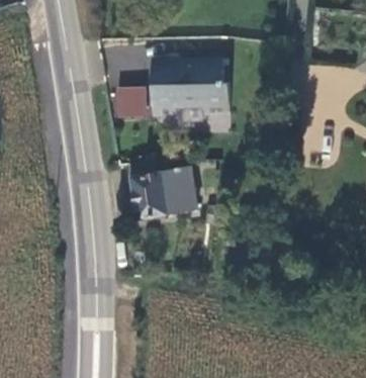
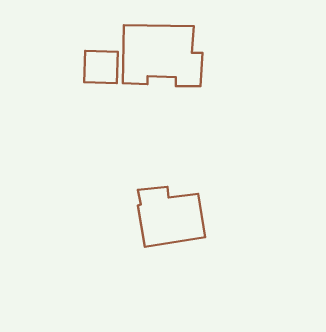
building: [130,159,199,220] -> [138,187,205,247]

